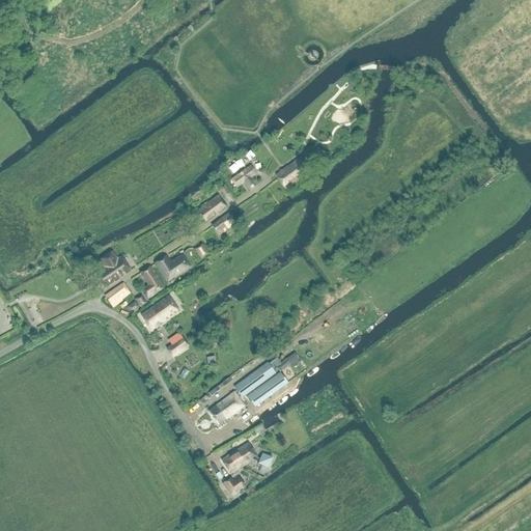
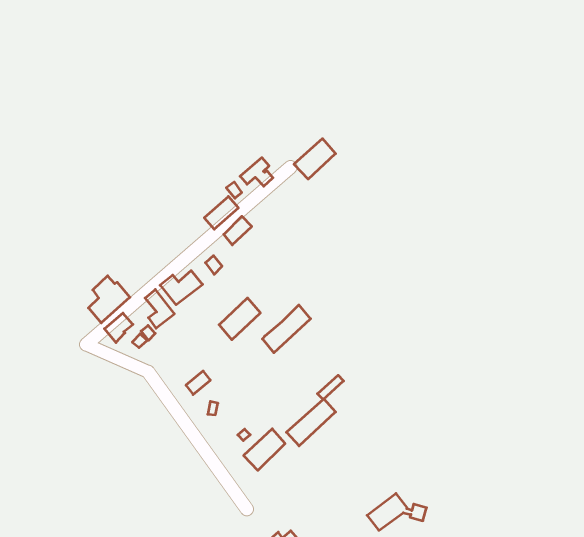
building: [142,295,177,328] -> [219,298,260,340]
building: [233,360,275,397] -> [262,305,311,353]
building: [222,442,272,471] -> [367,493,427,530]

